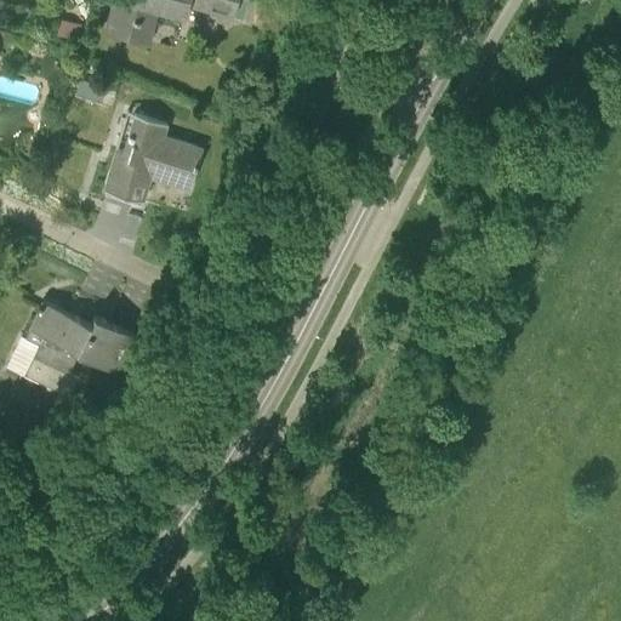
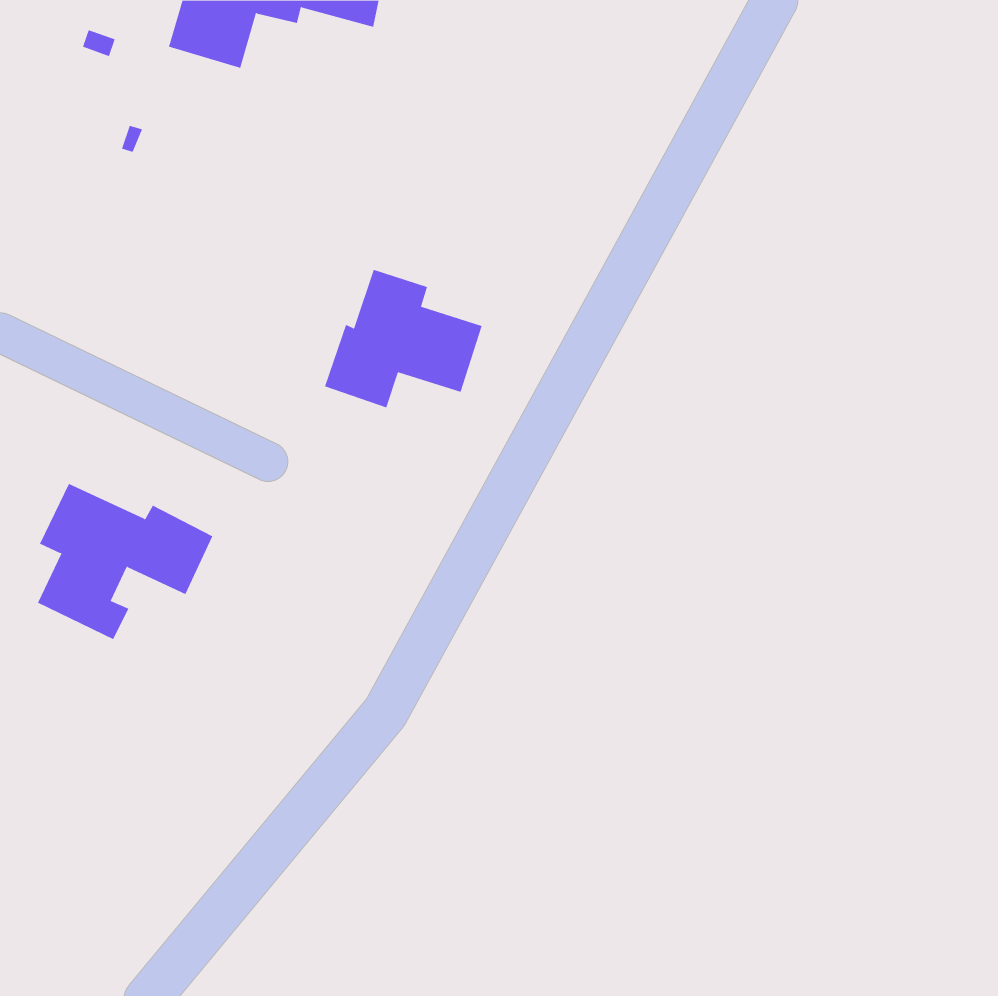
building: [104,115,203,201] -> [324,269,483,408]

